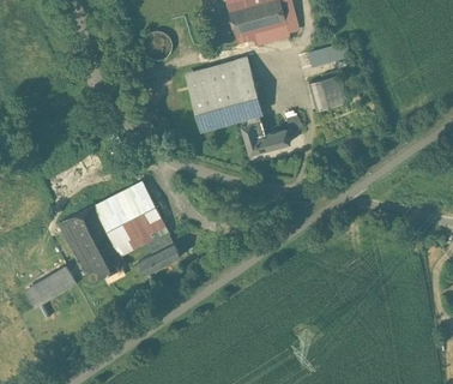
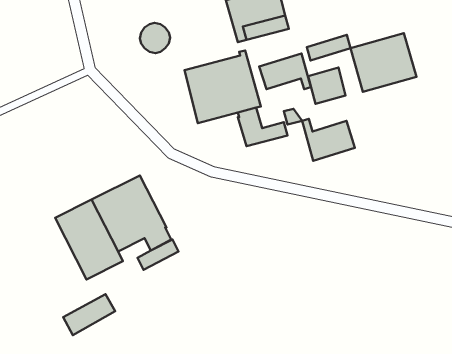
building: none -> [350,33,416,92]
building: none -> [259,53,311,89]
building: none -> [302,119,355,161]
building: [25,268,77,308] -> [63,294,115,335]

